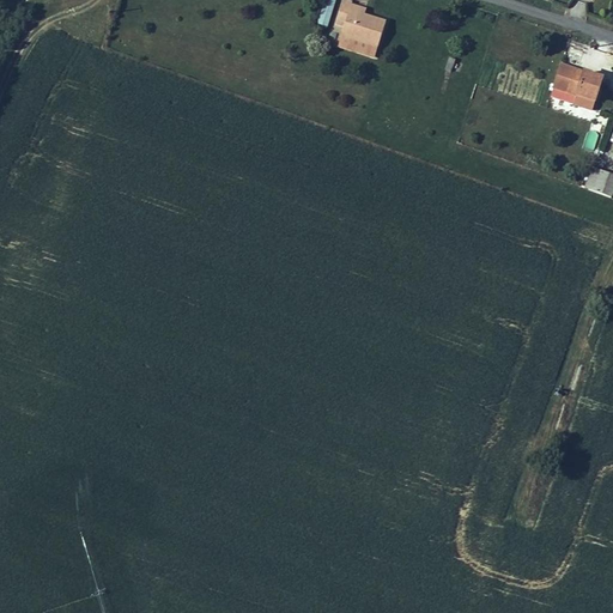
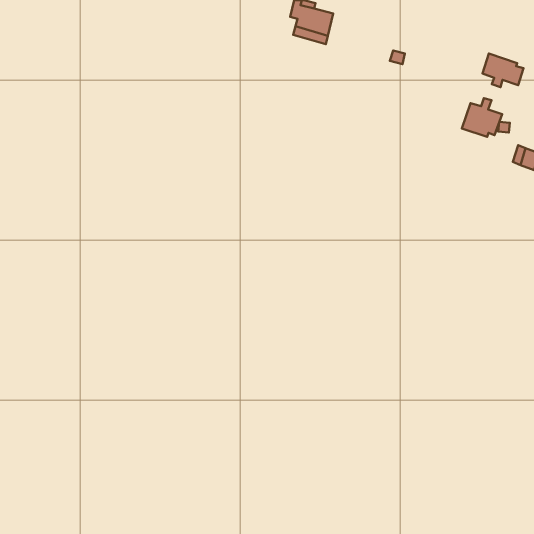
building: none -> [462,98,502,137]

